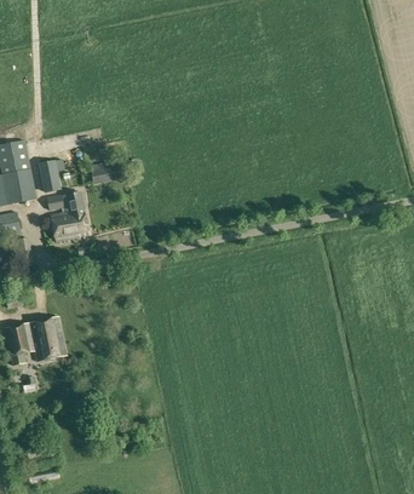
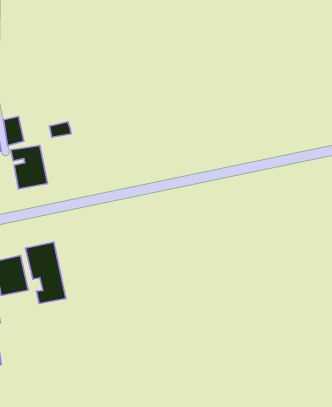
building: none -> [26,242,66,304]

